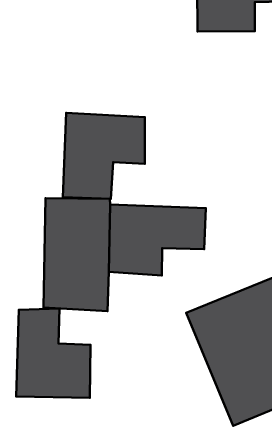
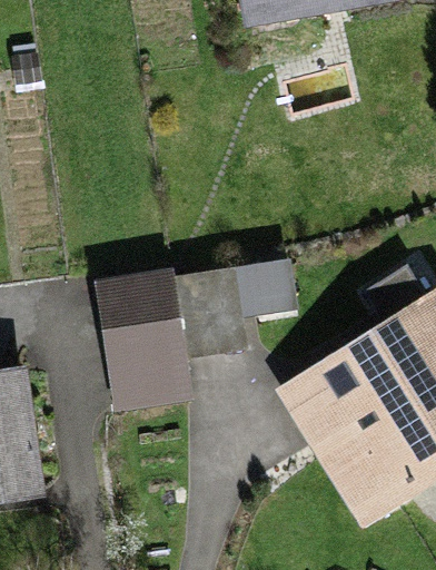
building: [63,113,145,199] -> none
building: [16,308,91,398] -> none

